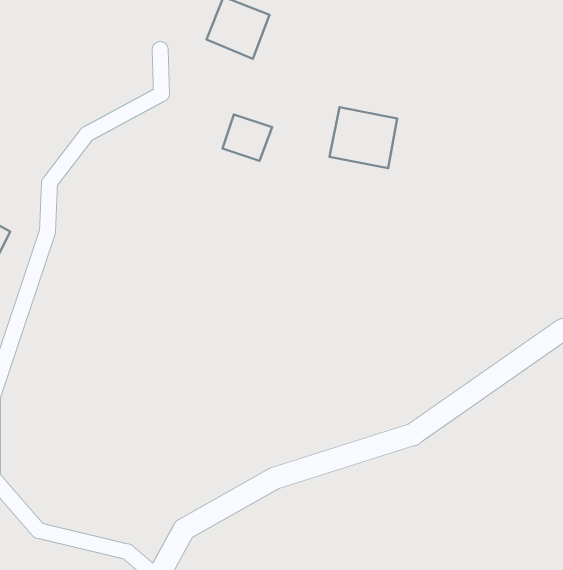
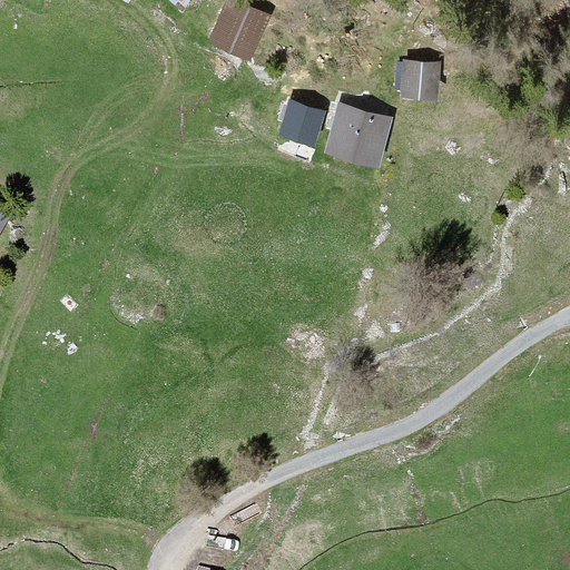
building: none -> [401,62,439,98]
building: [222,115,272,161] -> [275,100,324,146]

